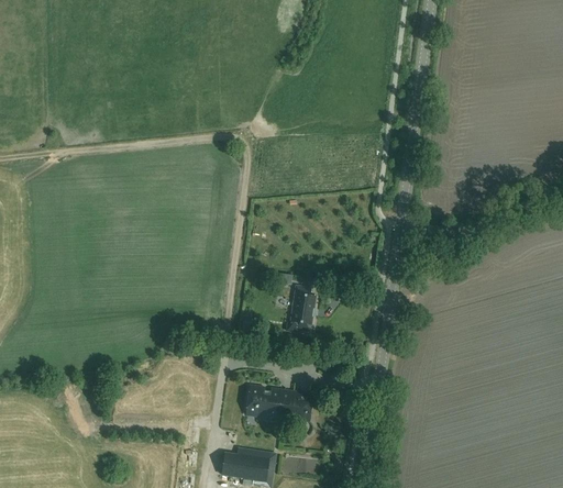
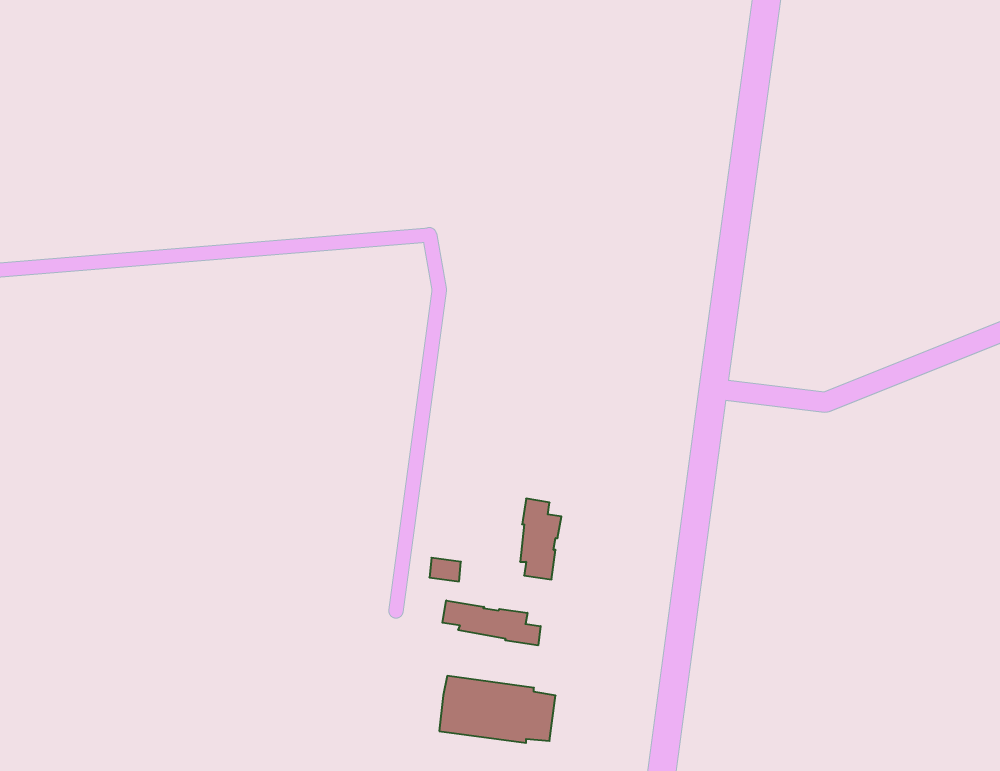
building: none -> [442,600,541,645]

